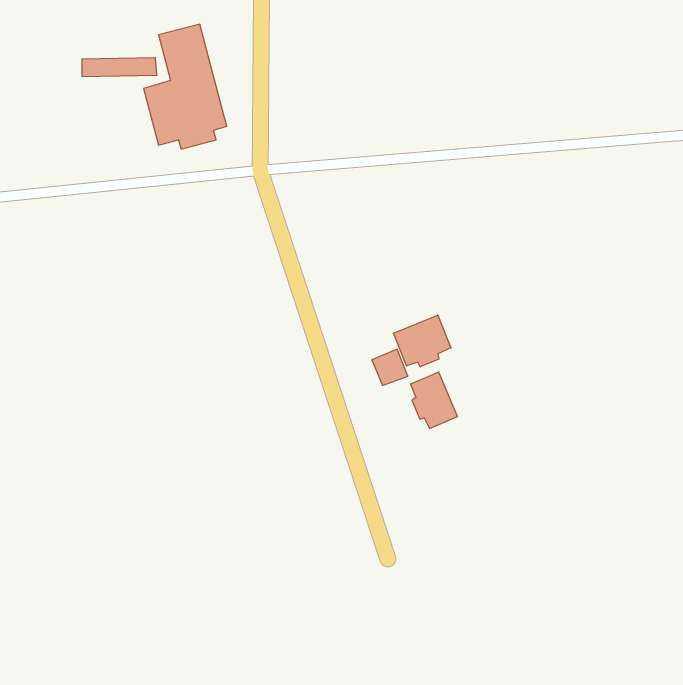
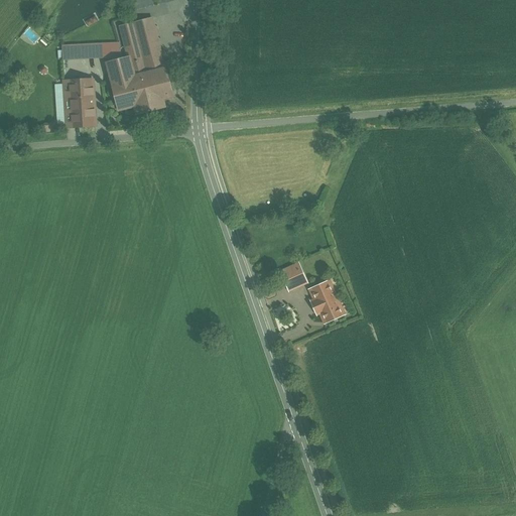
building: none -> [62,80,95,126]
building: [393,315,451,367] -> none

